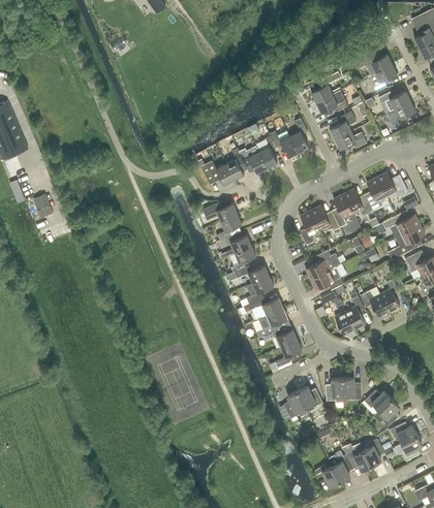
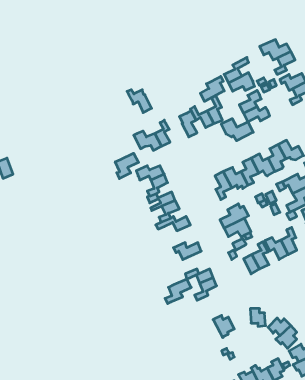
building: none -> [200,76,224,101]
building: [237,145,267,172] -> [127,90,152,113]
building: none -> [221,119,253,141]
building: none -> [115,153,139,179]
building: [246,275,273,303] -> none
building: [255,307,287,337] -> [165,279,191,304]
building: [324,377,343,402] -> none
building: [283,390,308,417] -> none

